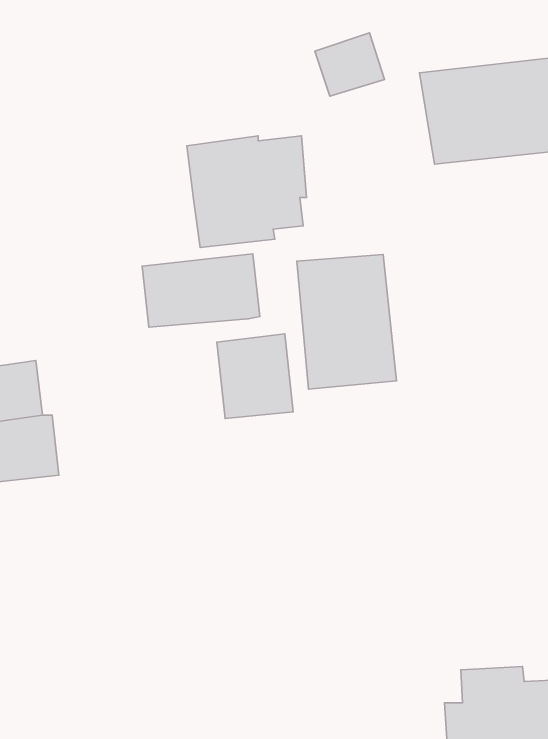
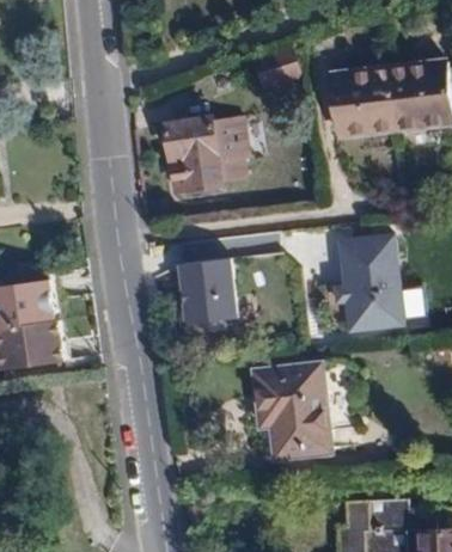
building: [142,254,260,327] -> none
building: [297,254,397,389] -> [335,235,407,332]
building: none -> [252,363,334,460]

